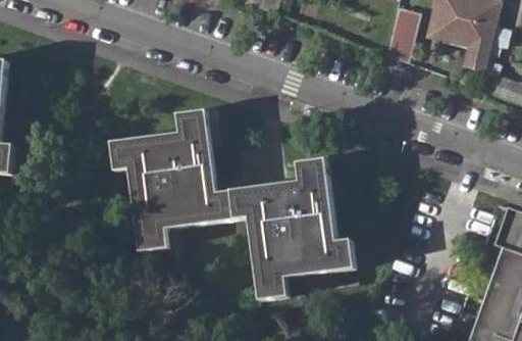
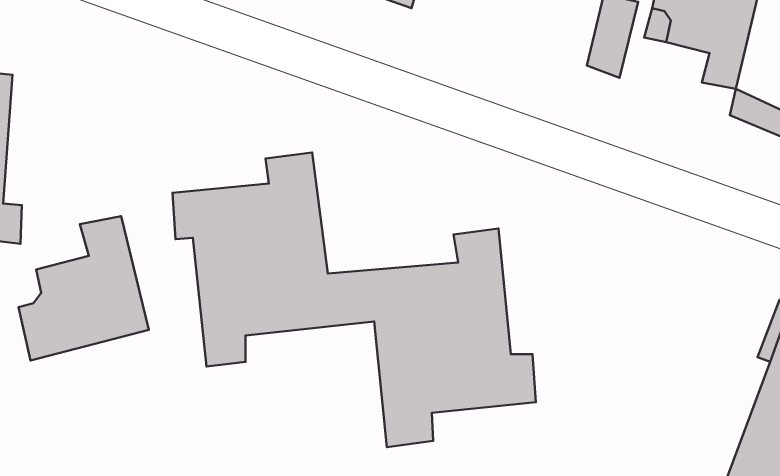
building: none -> [19,216,149,361]

